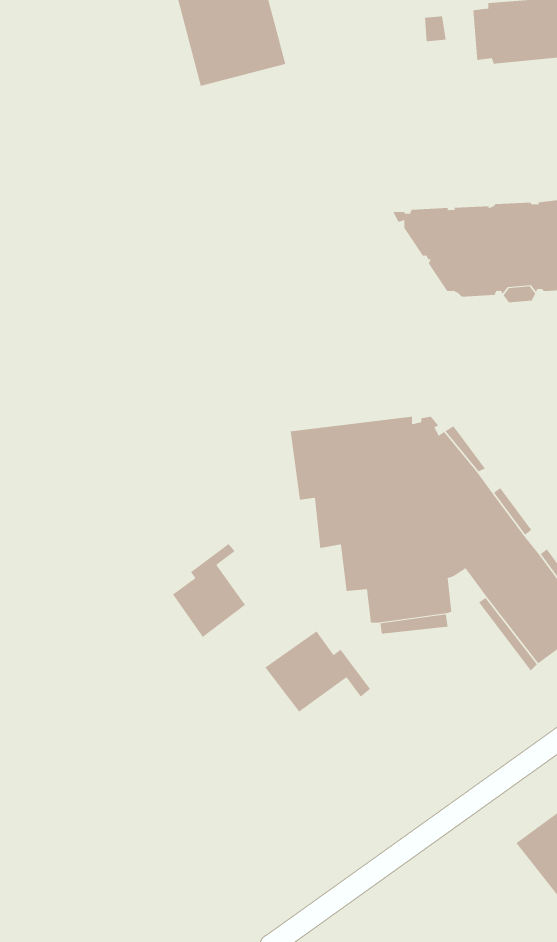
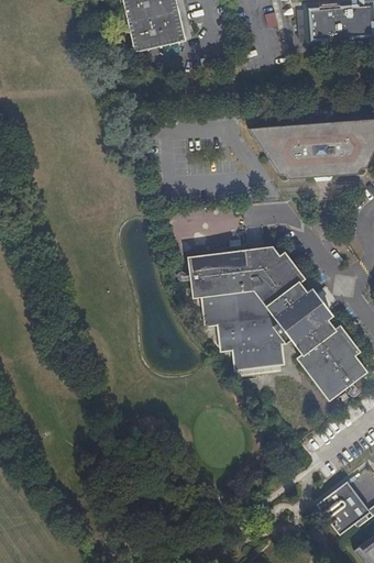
building: [172,543,246,638] -> none
building: [265,631,371,712] -> none

